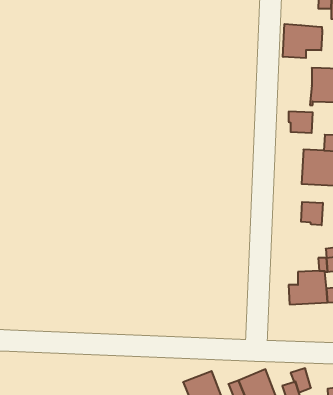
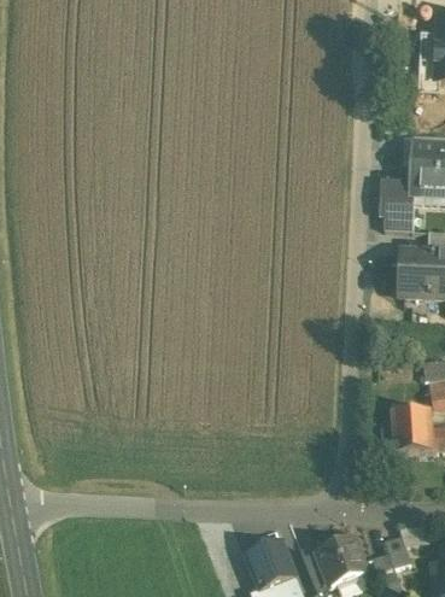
building: [283,24,322,58] -> none
building: none -> [382,166,414,201]
building: [301,202,323,225] -> none

